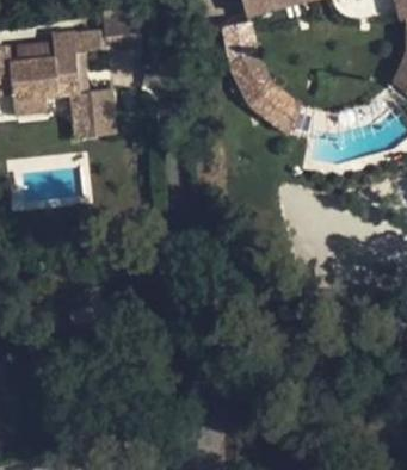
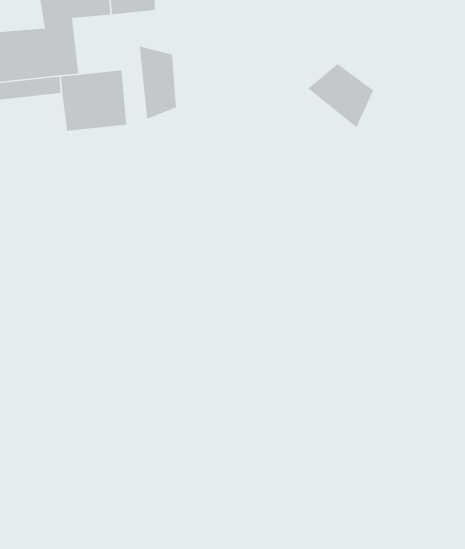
building: [227,52,273,104] -> none
building: none -> [139,46,177,120]

